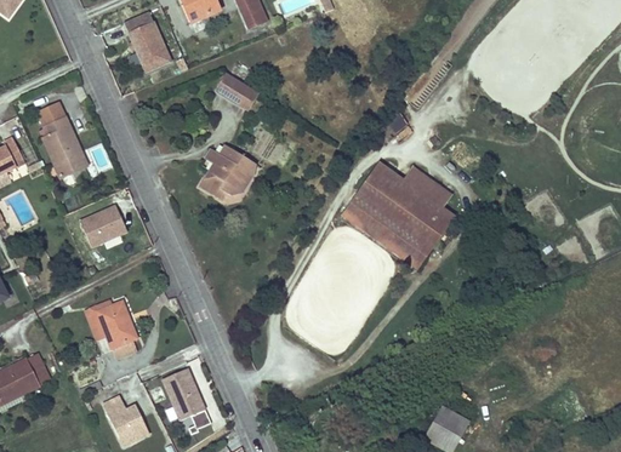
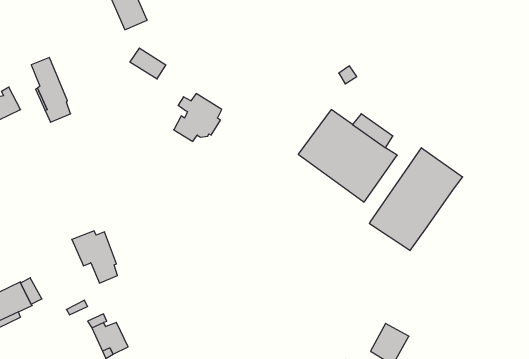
building: [216,74,257,109] -> [130,48,166,79]
building: [80,205,126,247] -> none
building: none -> [369,148,463,251]
building: [161,368,210,434] -> none

